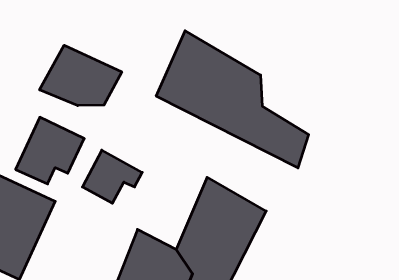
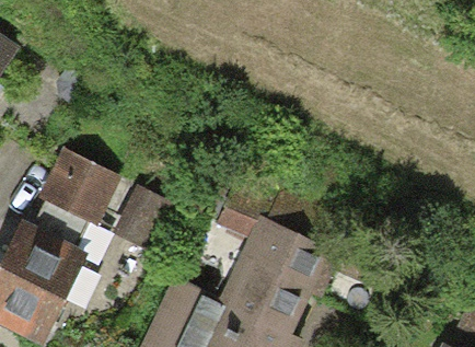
building: [156,31,309,168] -> none
building: [40,45,122,106] -> none

